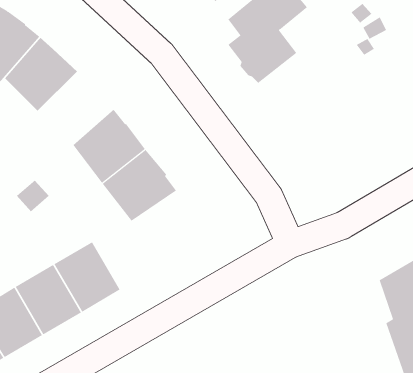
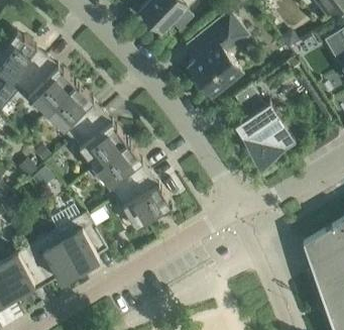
building: none -> [45,85,103,140]
building: none -> [234,86,295,162]
building: none -> [116,175,170,229]

